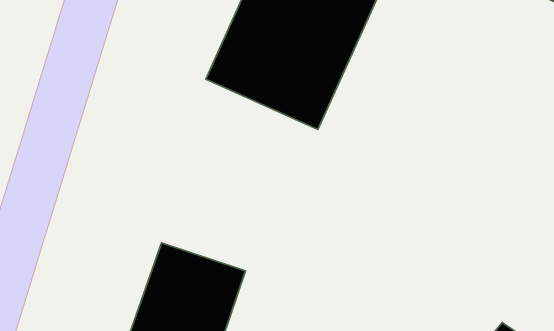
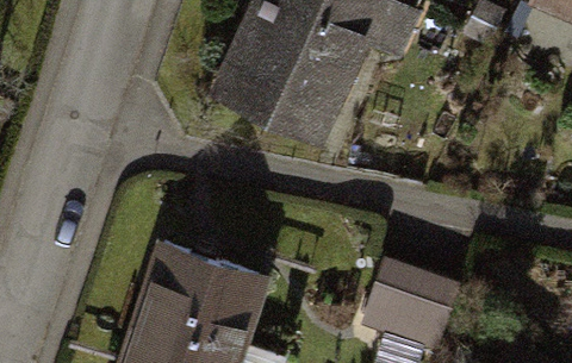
building: none -> [362,255,456,343]

